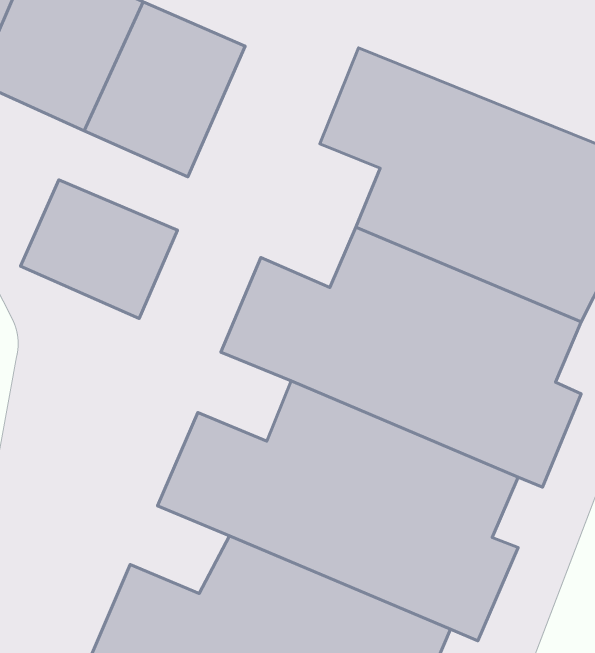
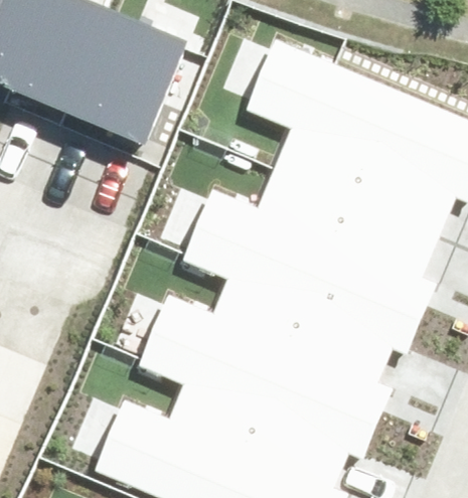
building: [21,180,178,318] -> none

